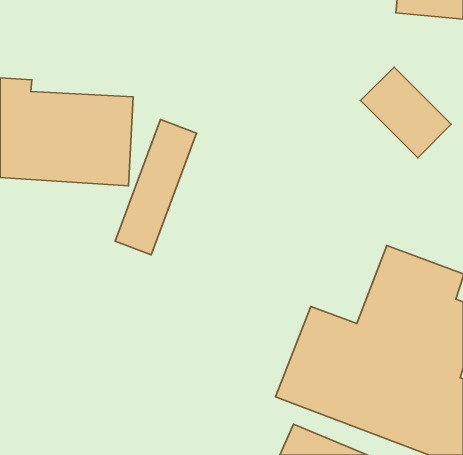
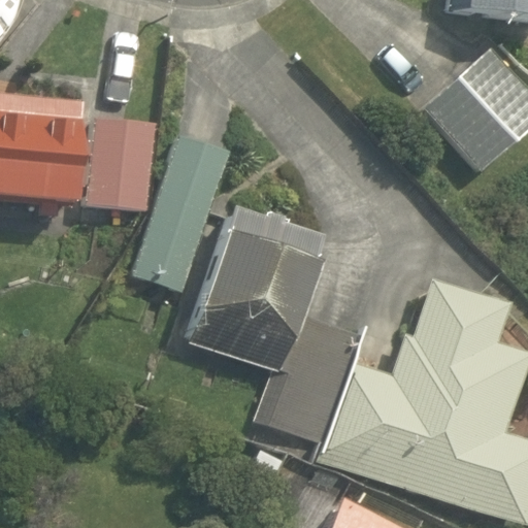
building: none -> [205,242,350,440]

